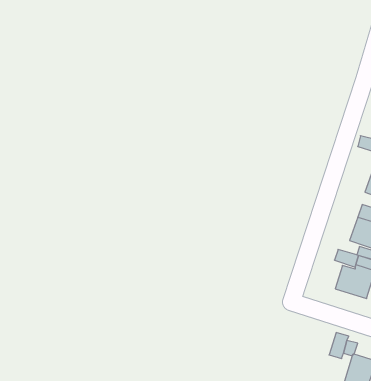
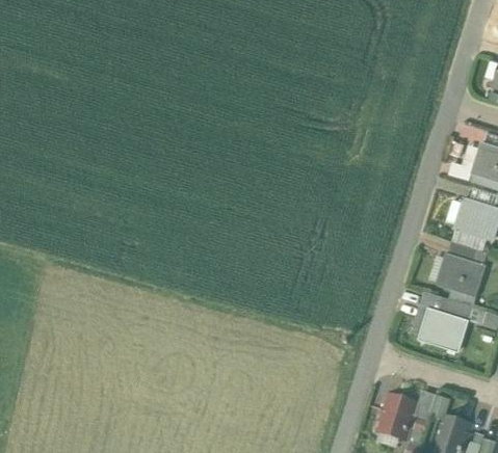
building: none -> [376,393,416,439]

